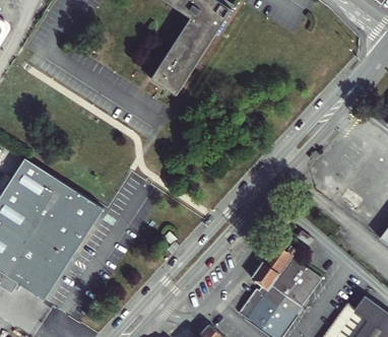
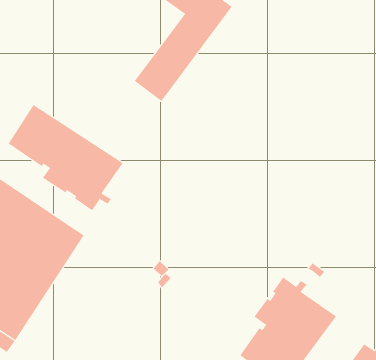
building: none -> [8,104,124,211]

